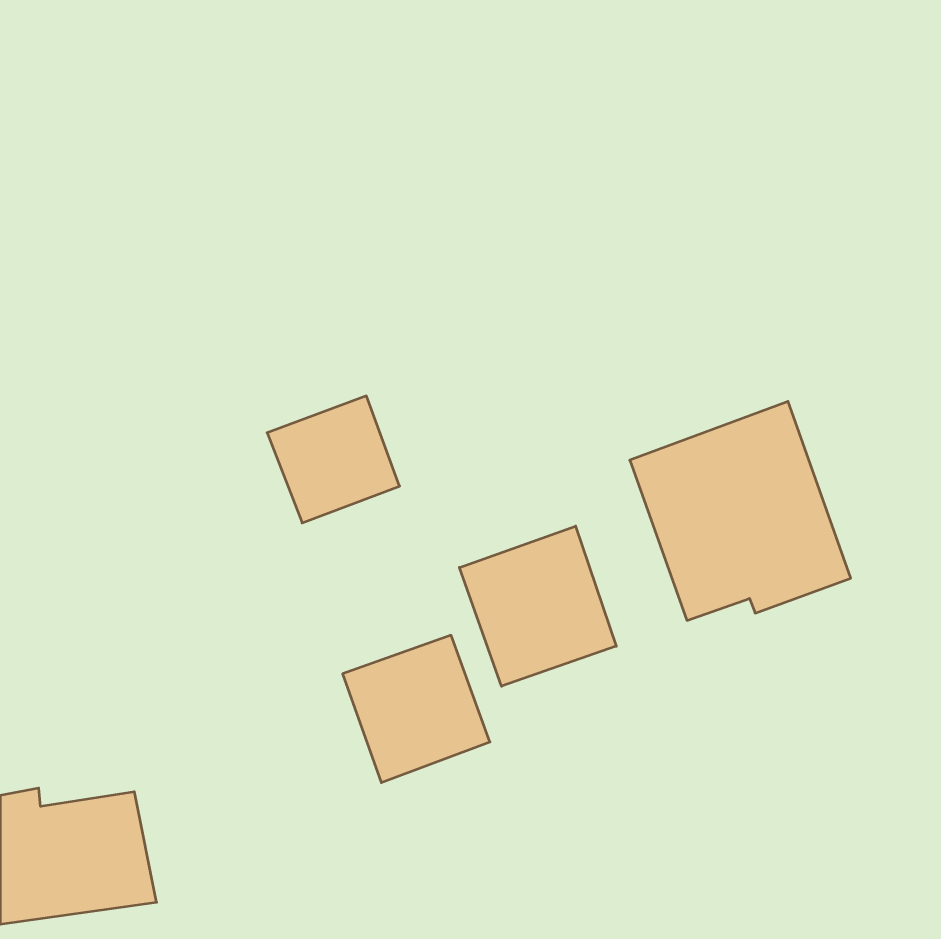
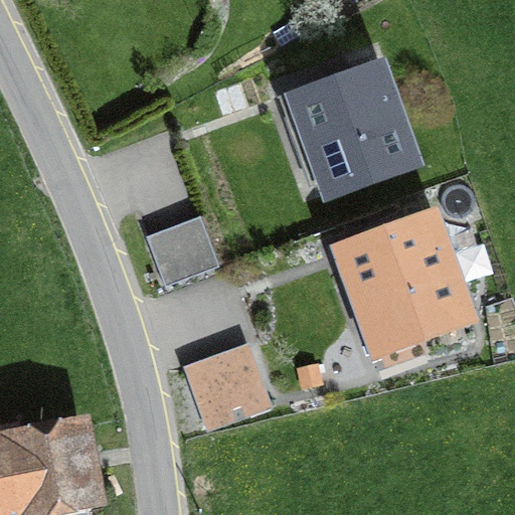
building: none -> [298,70,409,190]
building: [459,526,616,686] -> none

